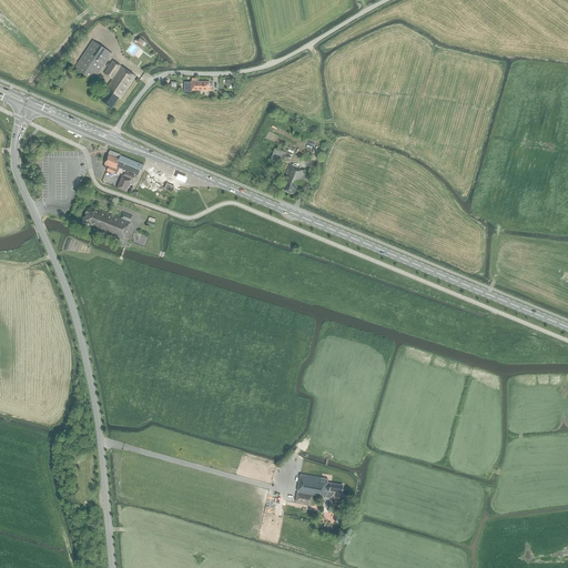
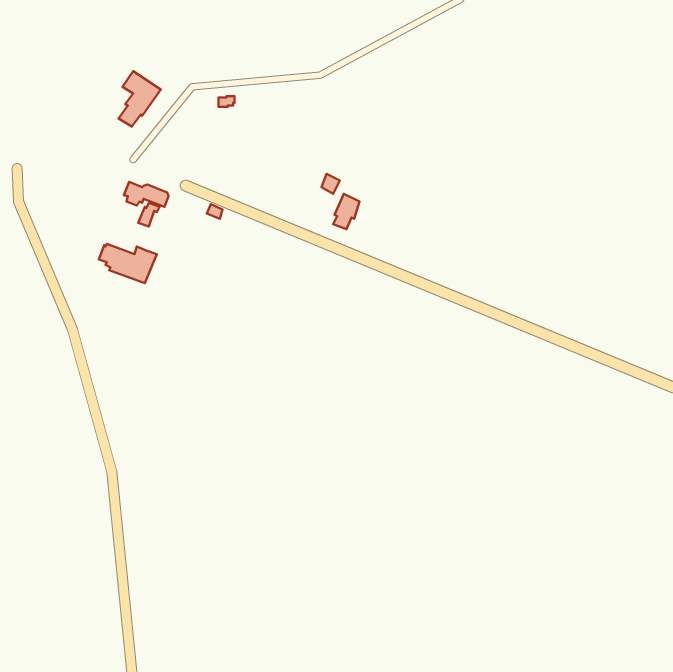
building: [74,40,112,80] -> none
building: [295,473,342,504] -> none

